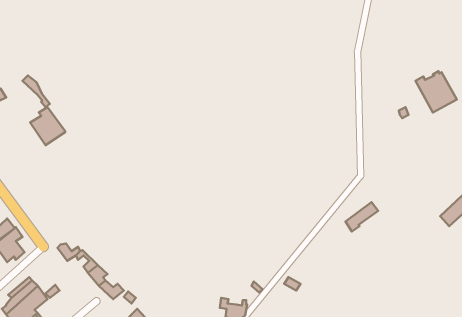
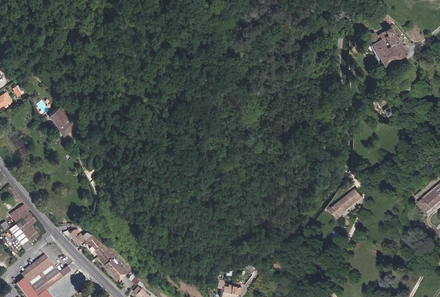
building: [415,71,457,113] -> [368,27,406,65]

